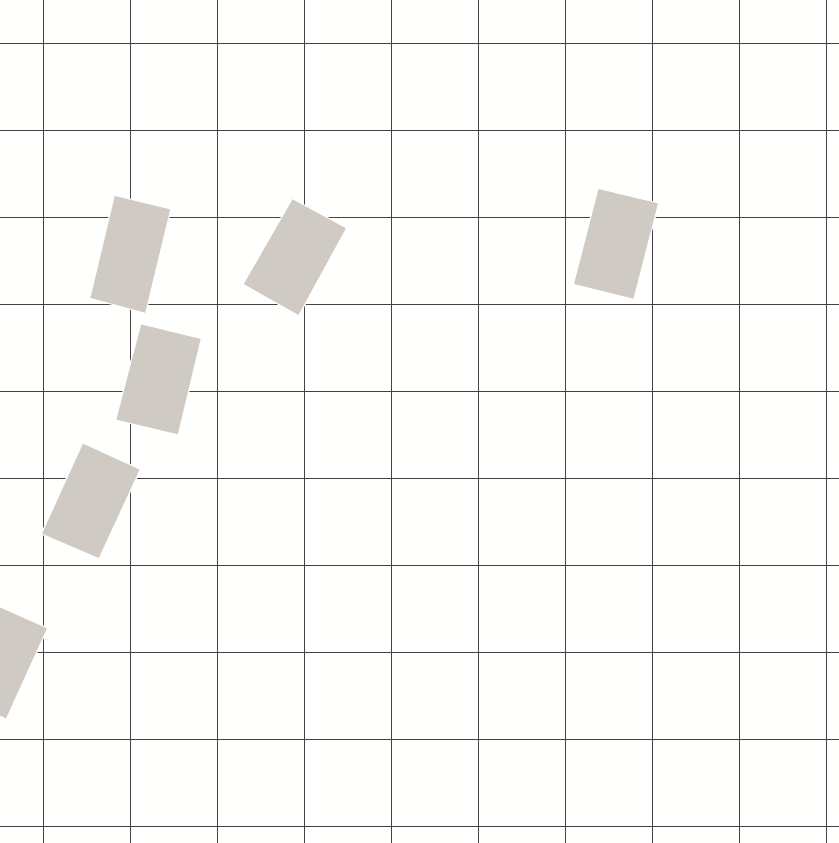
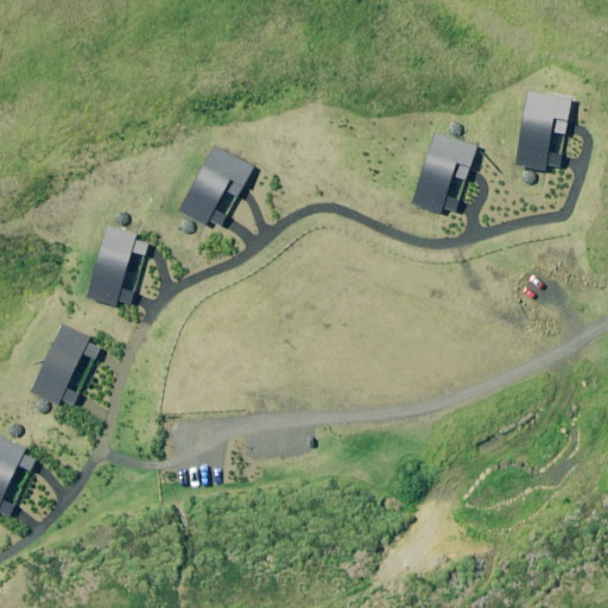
building: none -> [519,91,577,170]
building: [90,195,171,313] -> none

